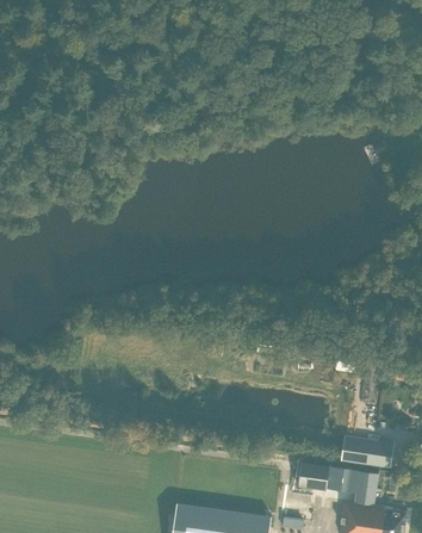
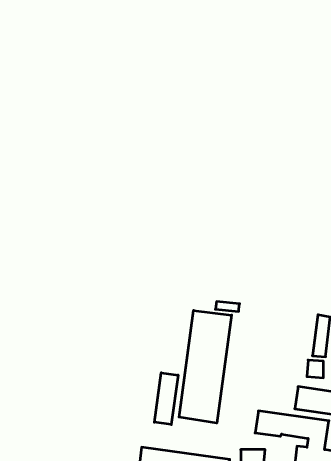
building: none -> [179,310,232,423]
building: none -> [154,373,178,425]

